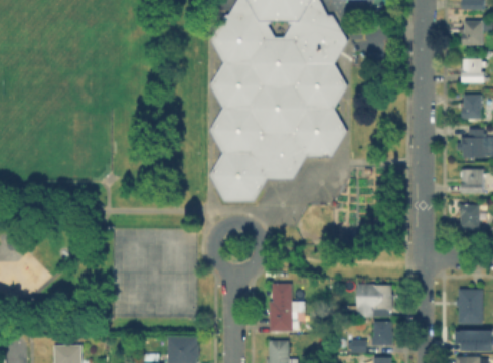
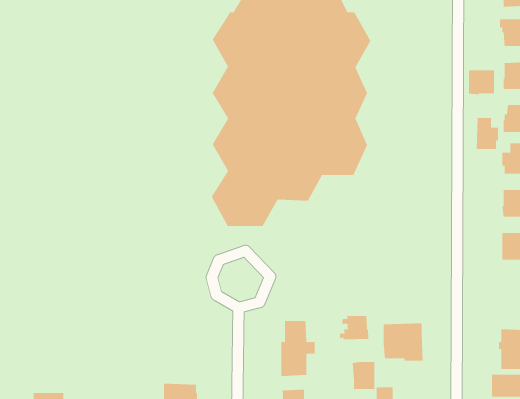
building: none -> [469,69,494,95]
building: none -> [476,117,498,150]
building: none -> [339,315,369,340]
building: [371,321,391,345] -> [352,362,375,389]

